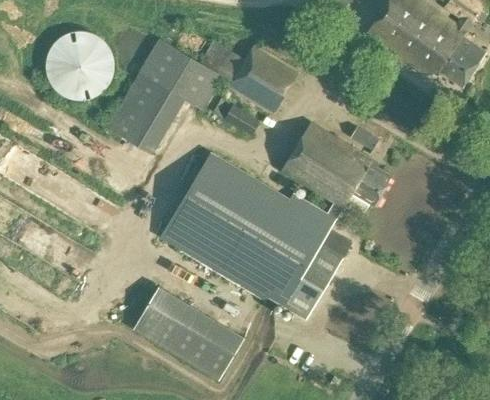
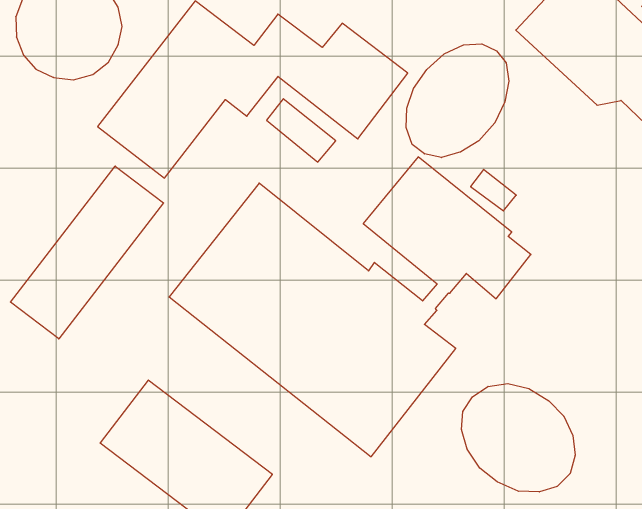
building: none -> [406,44,509,158]
building: none -> [10,166,164,339]
building: none -> [462,384,575,492]

